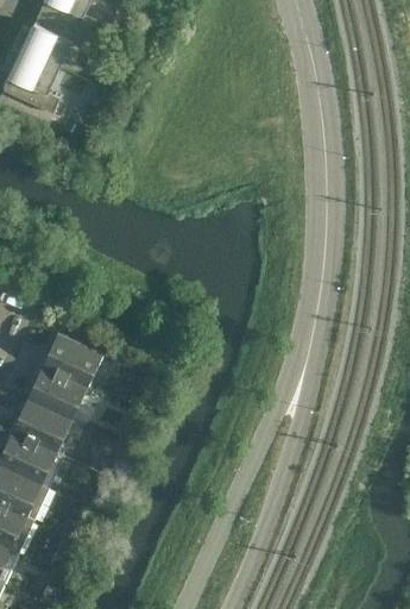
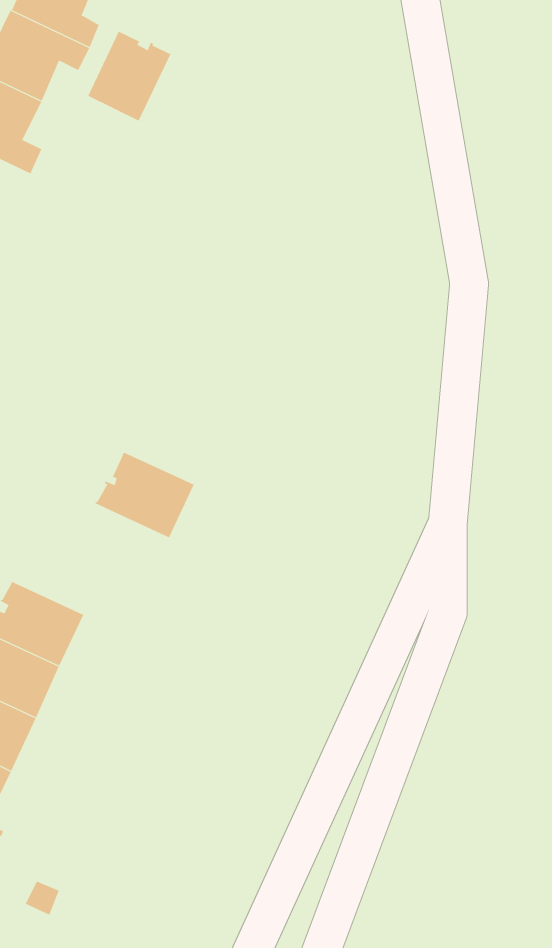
building: none -> [87,31,172,122]
building: [40,334,102,388] -> [95,452,194,538]

